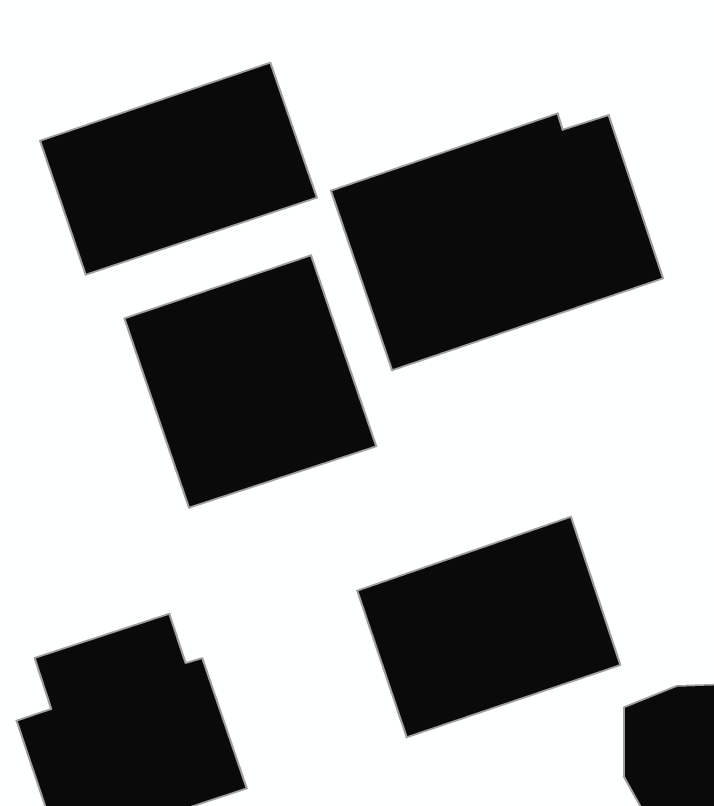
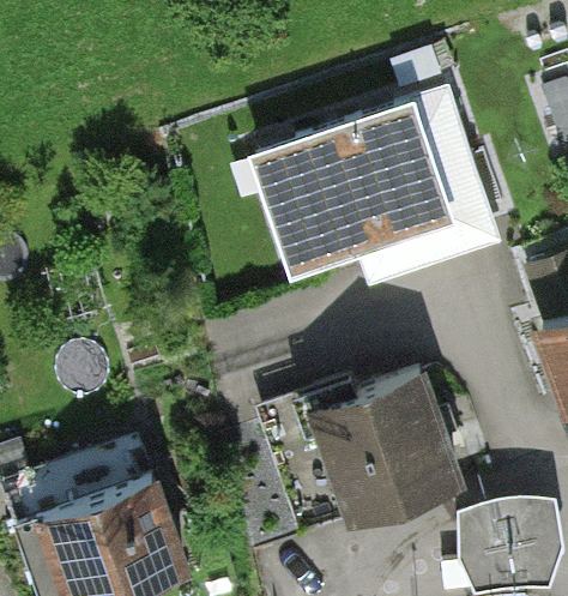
building: [40,63,317,275] -> none
building: [125,255,376,508] -> none

